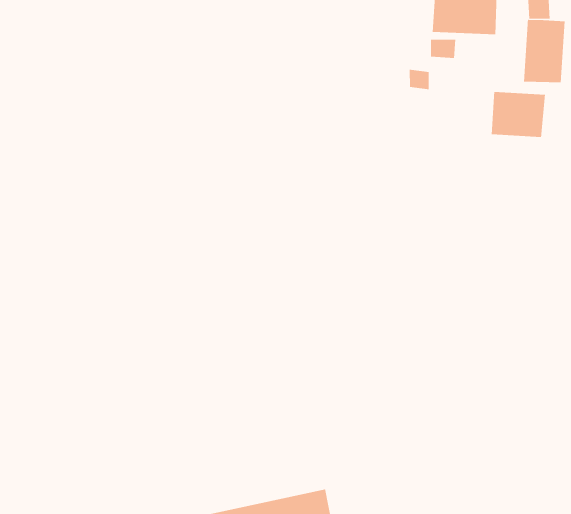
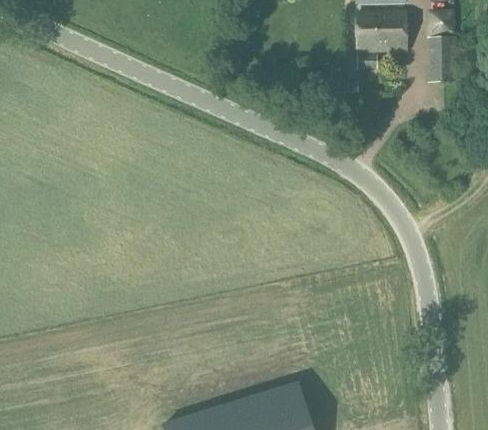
building: [491,91,545,138] -> none

